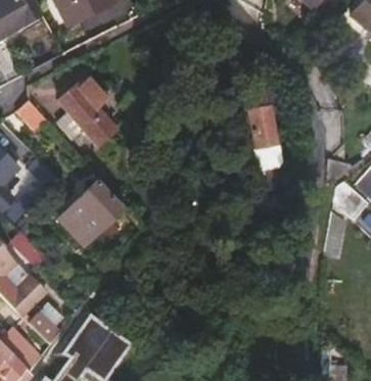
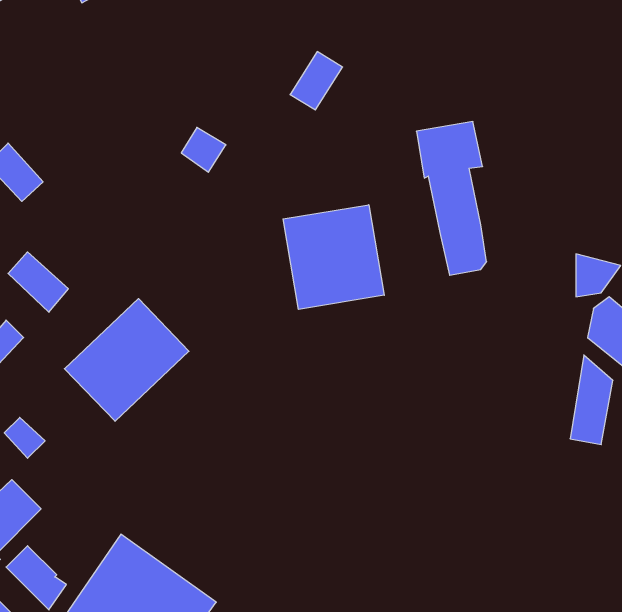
building: [58,78,117,144] -> none
building: none -> [283,205,384,309]

